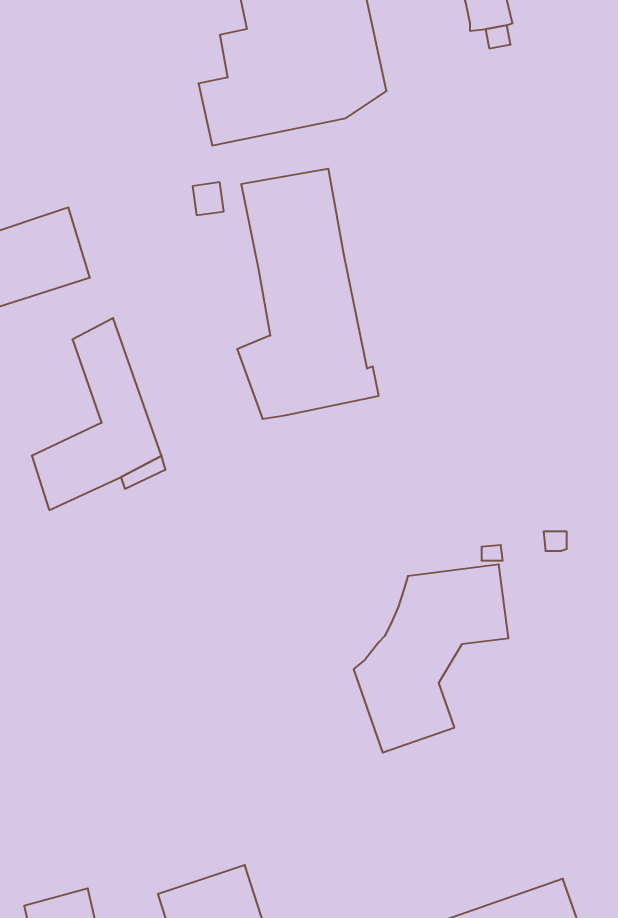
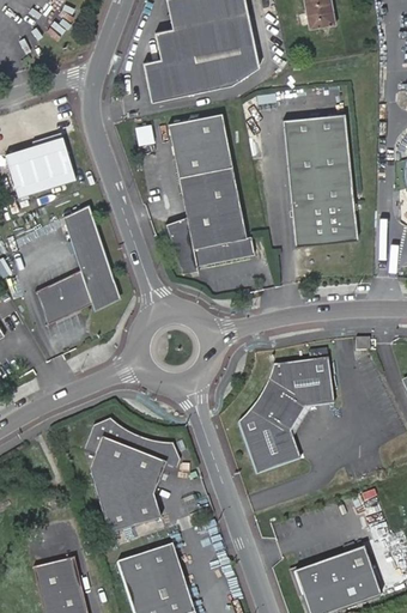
building: none -> [281,114,357,245]
building: none -> [74,424,170,536]

